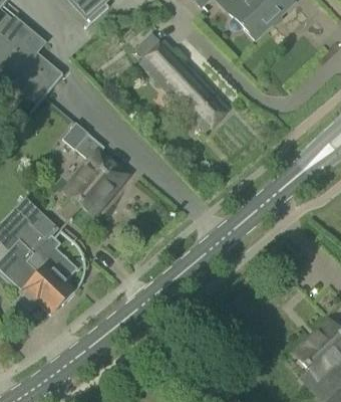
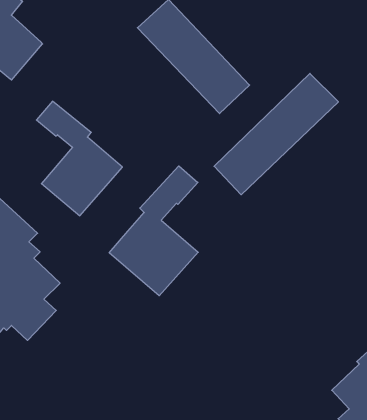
building: none -> [214,73,338,195]
building: none -> [109,166,198,296]

